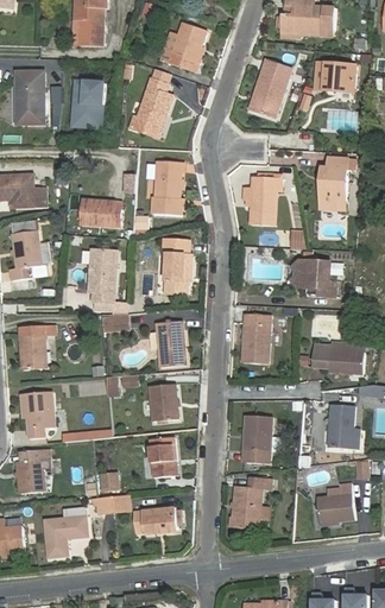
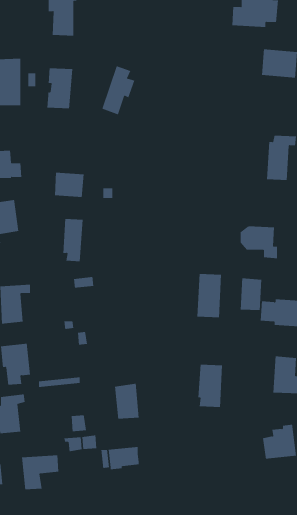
building: [168,21,206,71] -> none
building: [252,59,291,116] -> none
building: [151,160,182,214] -> none
building: [250,176,280,226] -> none
building: [163,239,191,293] -> none
building: none -> [240,278,262,311]
building: [156,321,185,367] -> none
building: [150,384,177,420] -> none
building: [229,473,270,528] -> none

